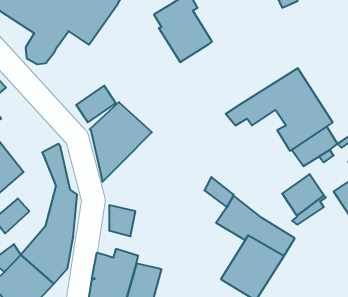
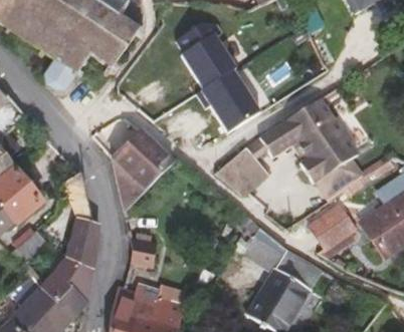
building: none -> [197,70,261,132]
building: none -> [215,142,273,196]

